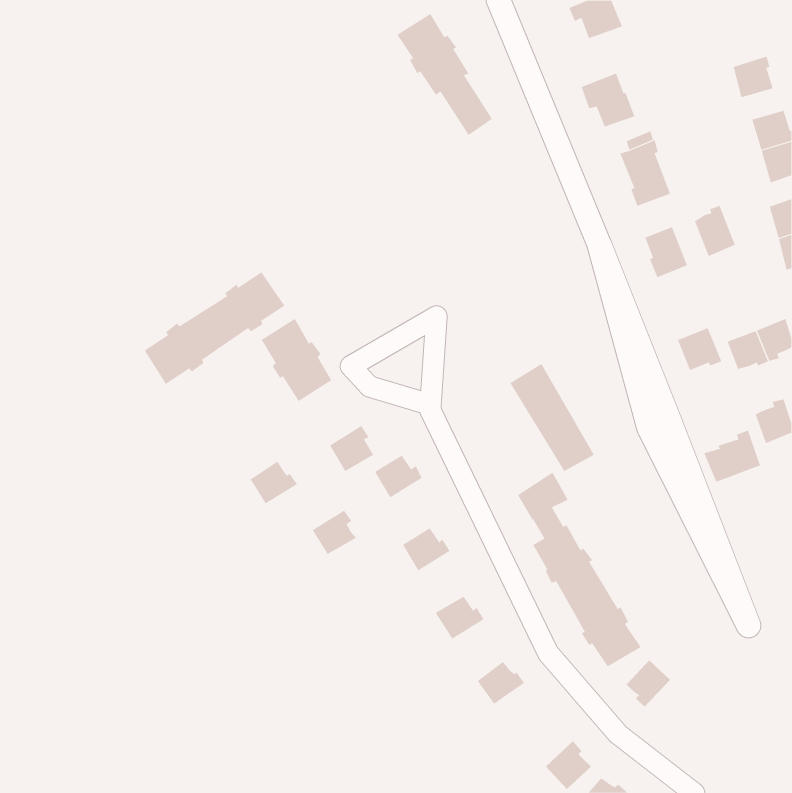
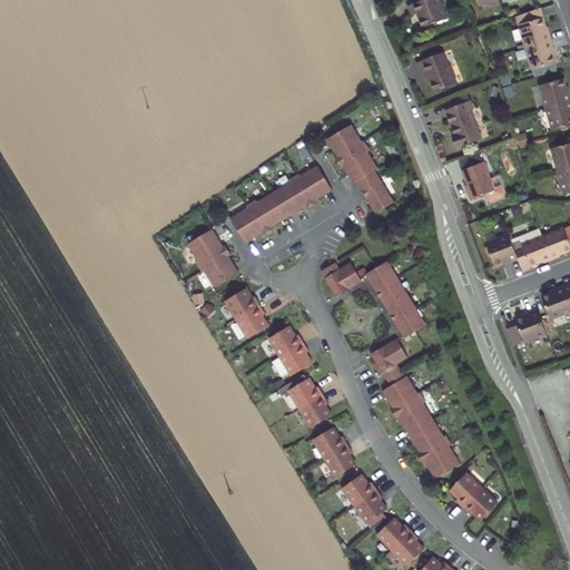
building: none -> [515,9,550,48]
building: [397,13,493,136] -> [323,122,392,210]
building: [694,205,736,257] -> none
building: [144,271,285,385] -> [229,165,331,246]
building: none -> [321,263,362,297]
building: [250,461,298,504] -> [225,288,259,320]
building: [312,510,357,555] -> [279,343,312,375]
building: none -> [299,395,331,428]
building: none -> [324,444,355,478]
building: none -> [462,488,497,520]
building: none -> [354,490,386,529]
building: none -> [376,518,411,550]

